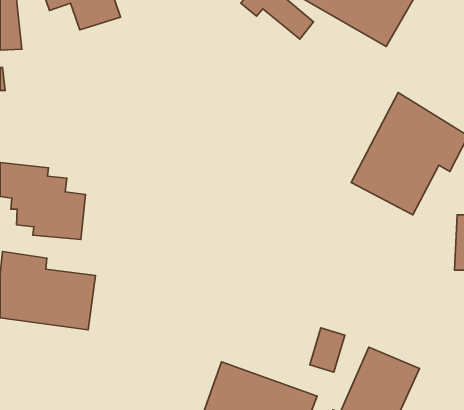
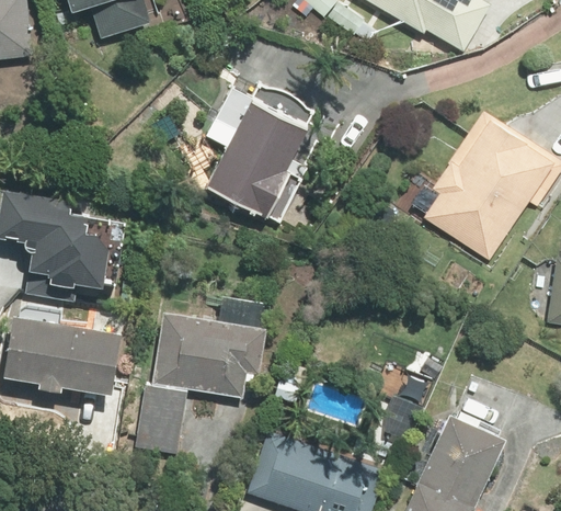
building: none -> [203,91,304,215]
building: none -> [136,297,270,450]

